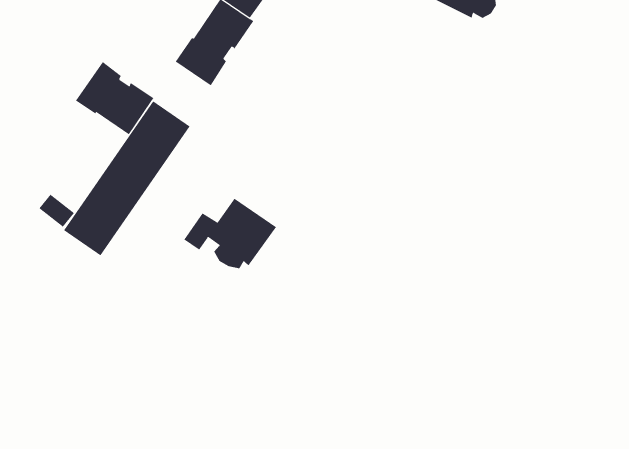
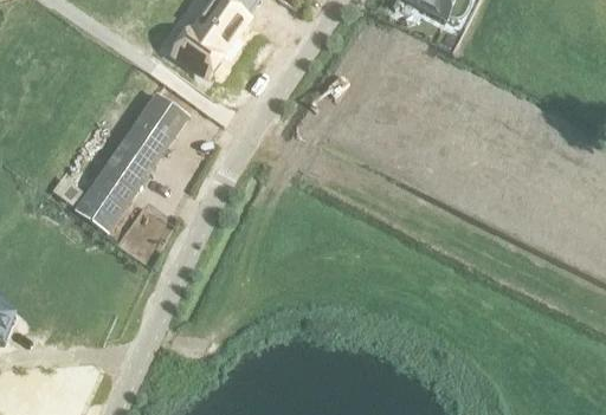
building: [75,61,154,135] -> none
building: [184,198,277,269] -> none

